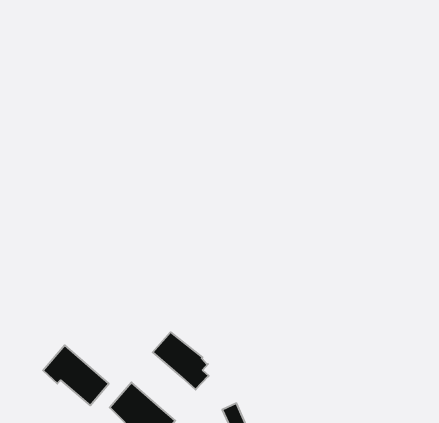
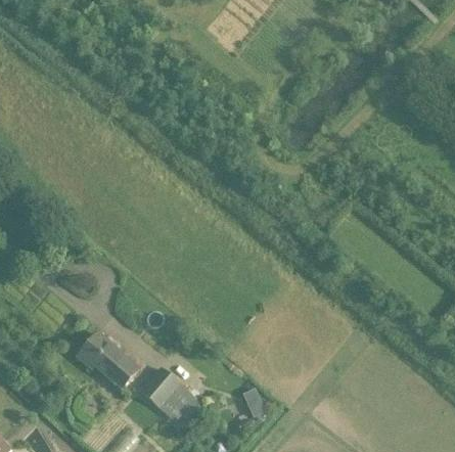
building: [153,332,209,390] -> none

